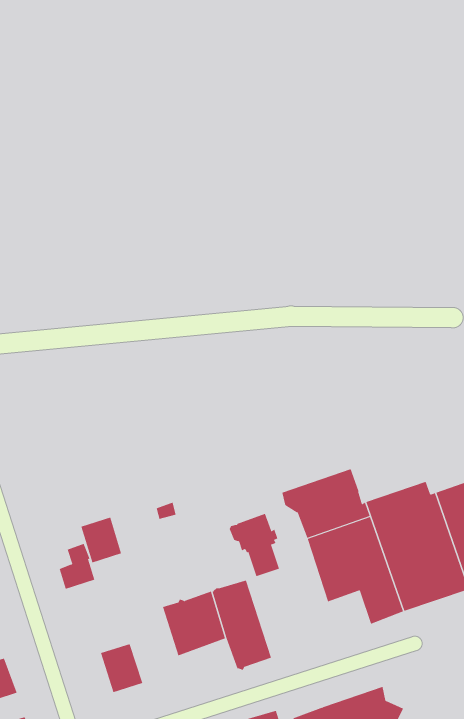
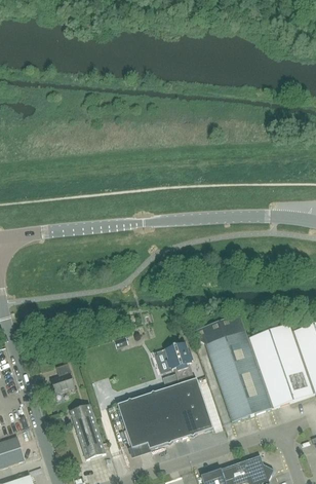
building: [81,517,122,563] -> [70,404,96,434]
building: none -> [171,378,212,437]
building: none -> [224,394,251,421]
building: none -> [127,424,165,449]

